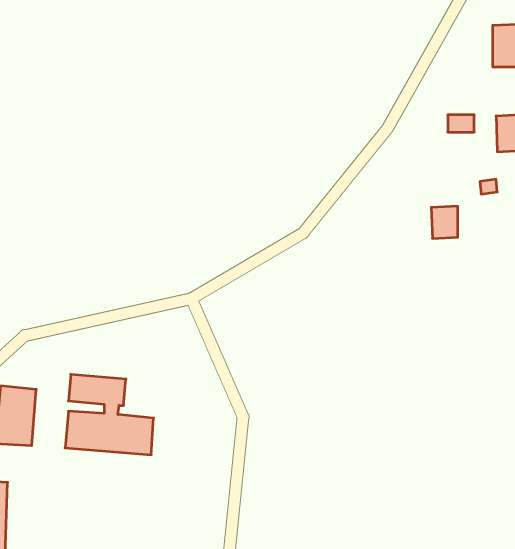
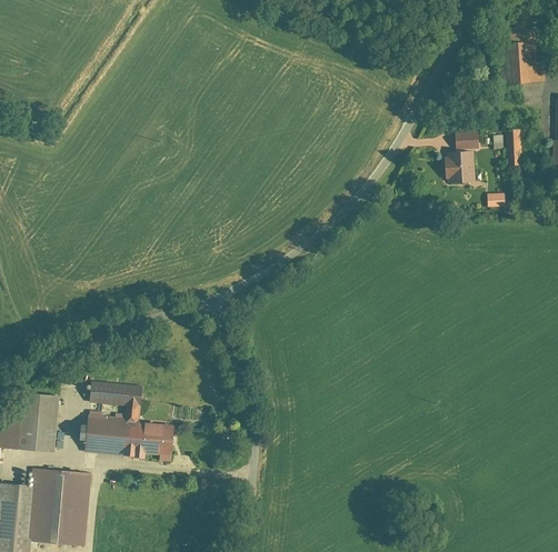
building: [431,206,458,238] -> [446,152,471,183]
building: none -> [30,468,88,544]

